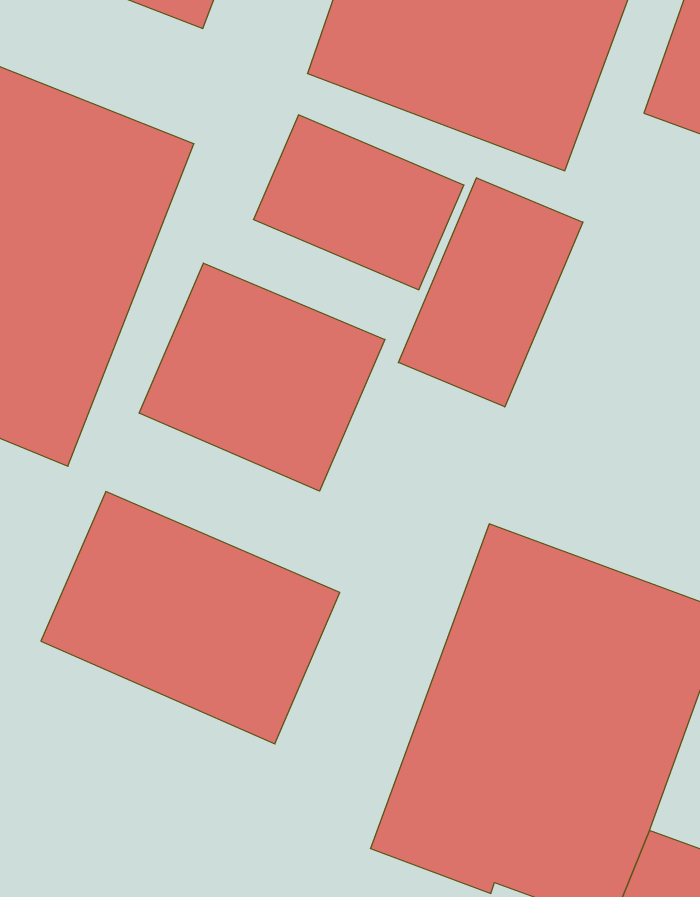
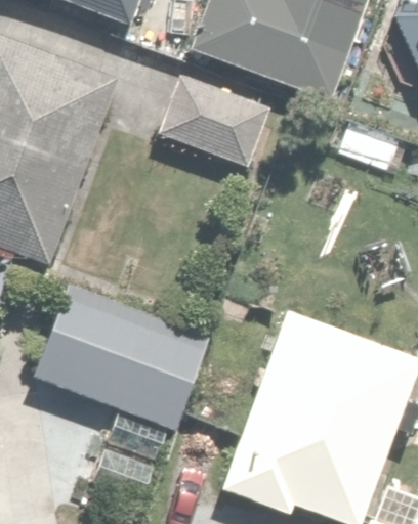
building: [398,178,583,407] -> none
building: [139,263,385,491] -> none

